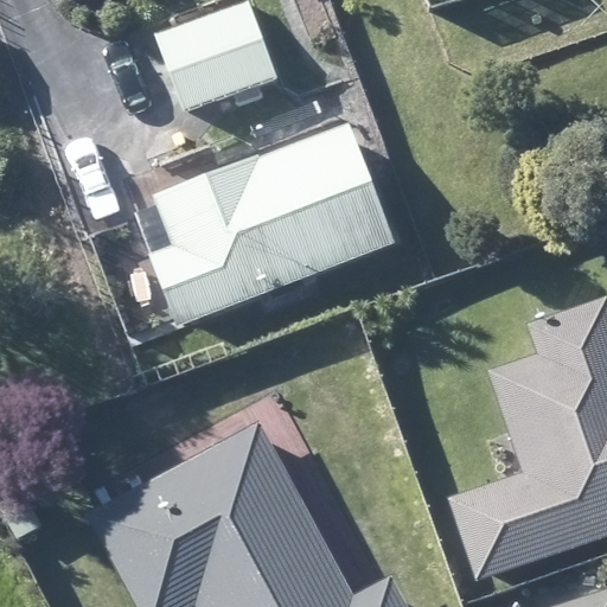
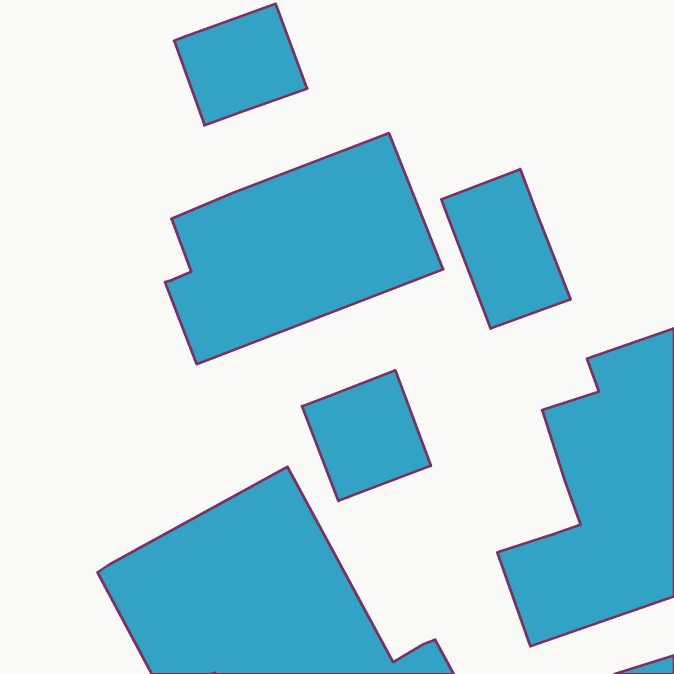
building: none -> [441,169,570,329]
building: none -> [302,370,431,501]

